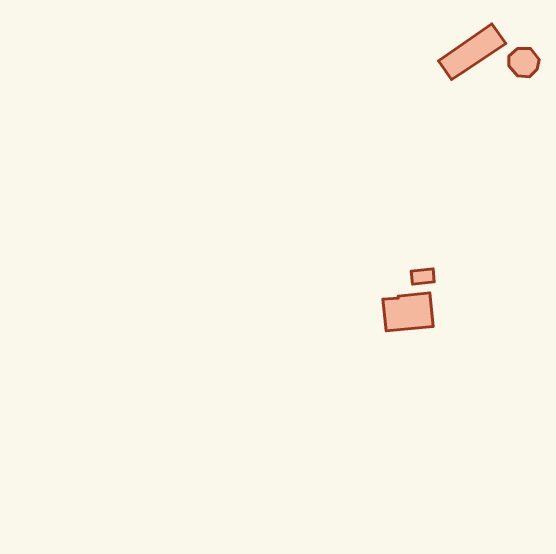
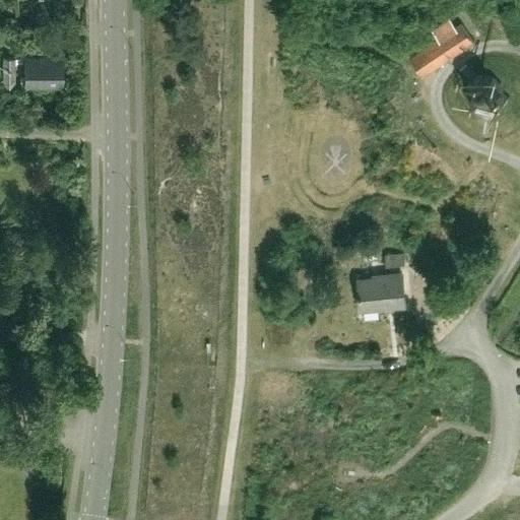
building: [509,49,539,77] -> [470,81,499,108]
building: none -> [16,58,53,87]

